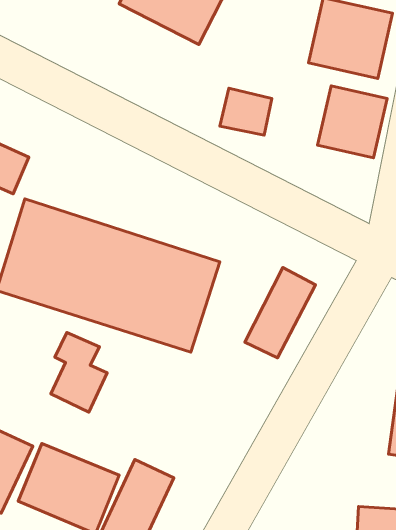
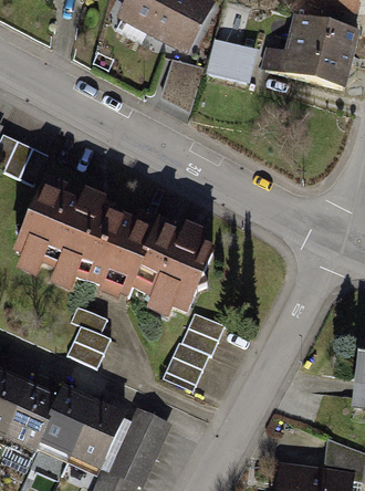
building: [317,86,387,158] -> none
building: [220,88,272,135] -> [211,39,256,79]
building: [245,268,315,358] -> [166,310,226,386]

